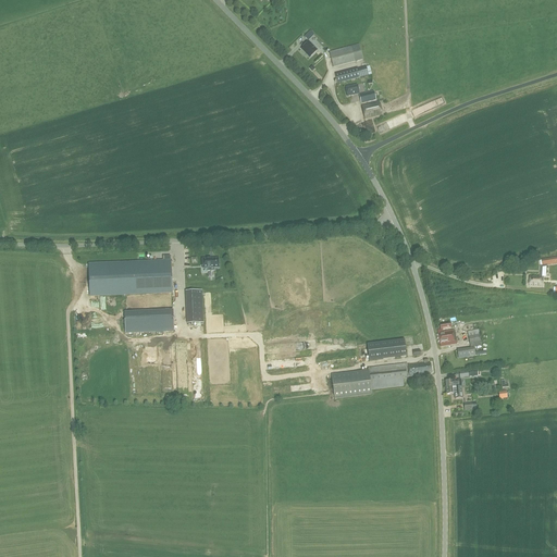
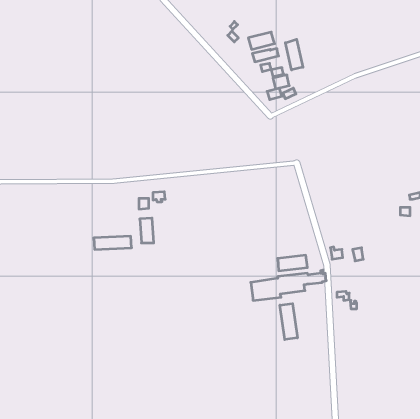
building: none -> [285,39,303,70]
building: [88,258,173,296] -> none
building: none -> [280,304,297,340]

